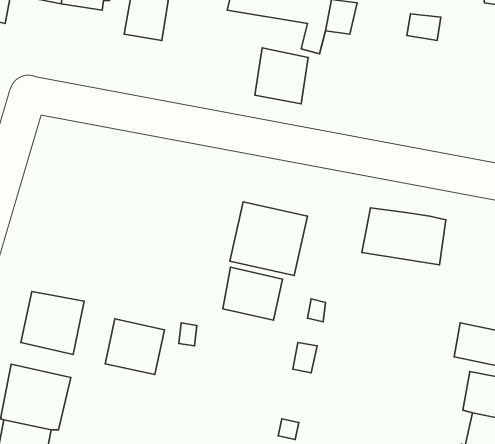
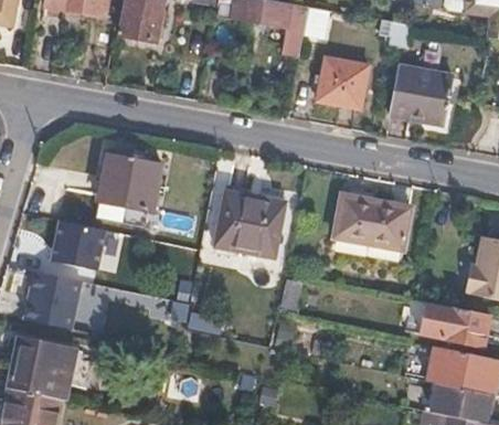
building: [255,48,308,104] -> [317,59,365,109]
building: none -> [390,68,452,125]
building: none -> [98,155,161,211]
building: [223,267,282,320] -> none
building: [105,319,165,375] -> [53,221,107,272]

